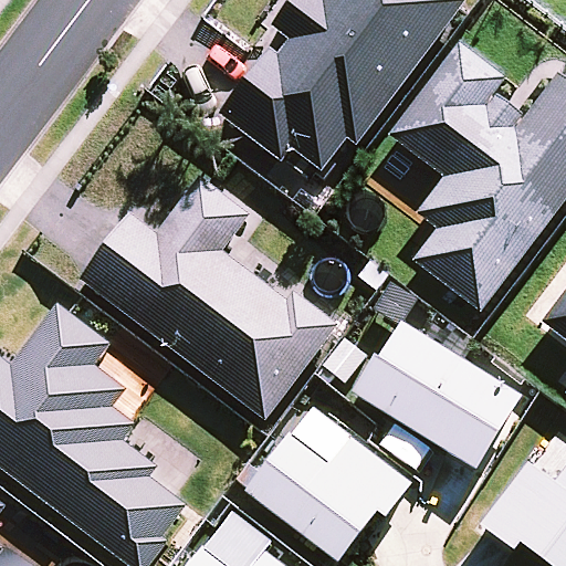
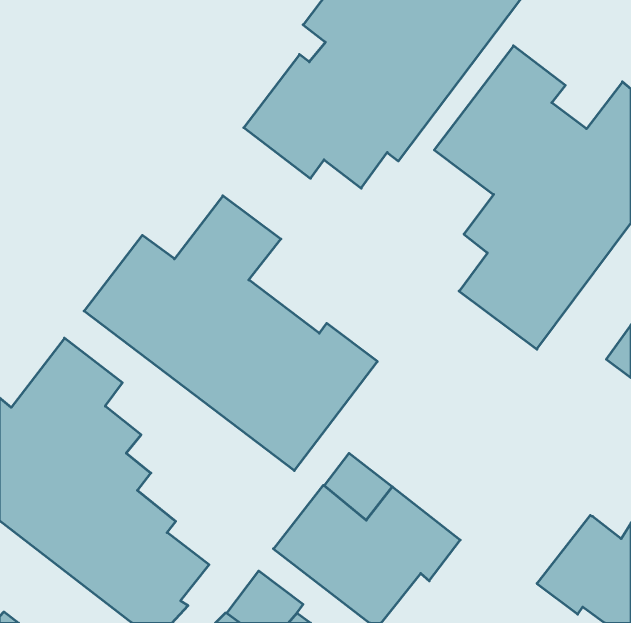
building: [352,321,521,469] -> none

